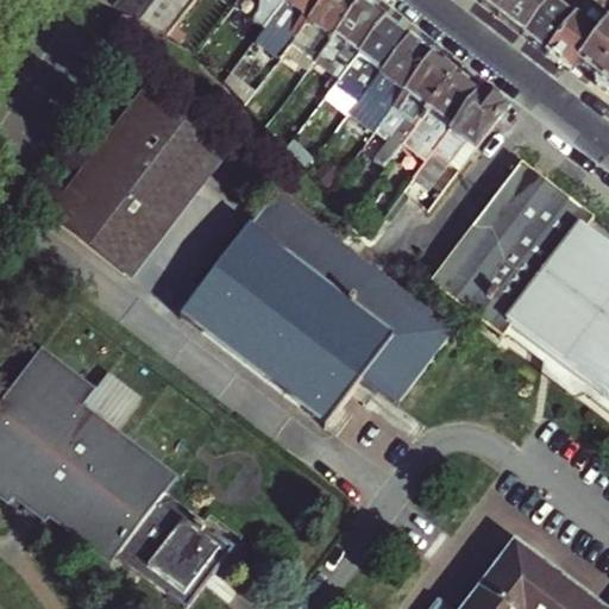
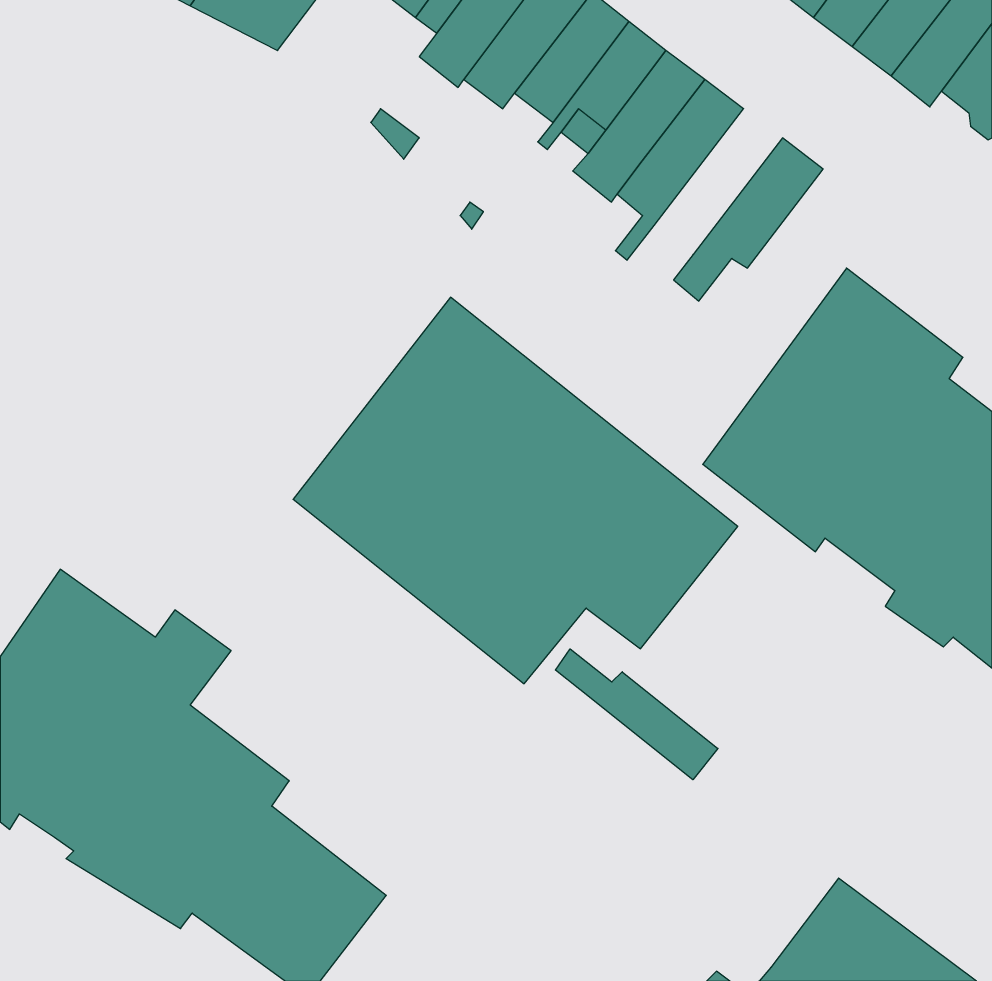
building: [401,67,479,156] -> none
building: [48,71,234,265] -> none
building: none -> [555,649,718,780]

